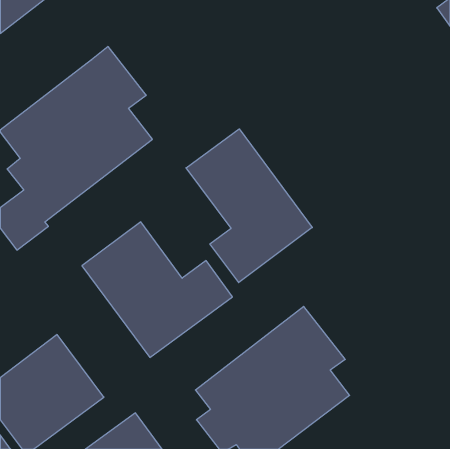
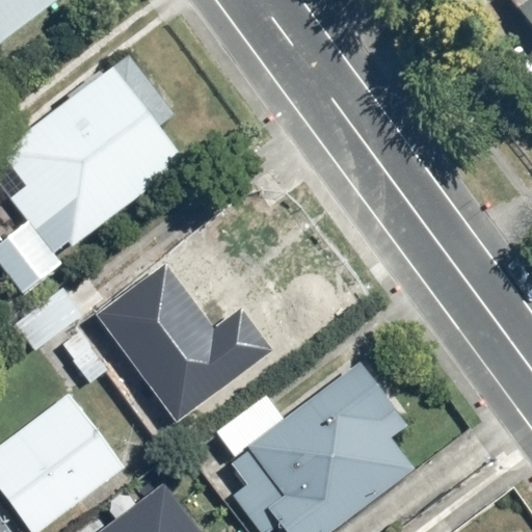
building: [186,129,312,283] -> none

